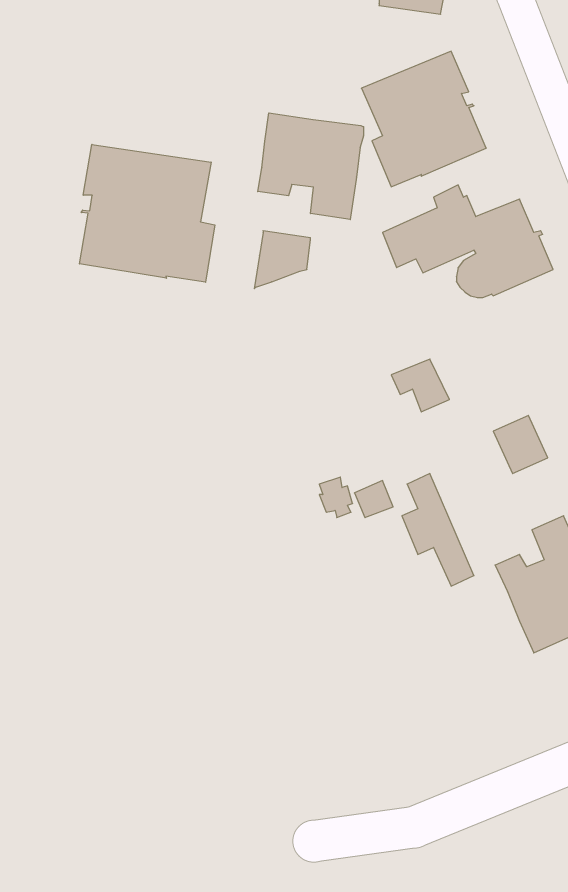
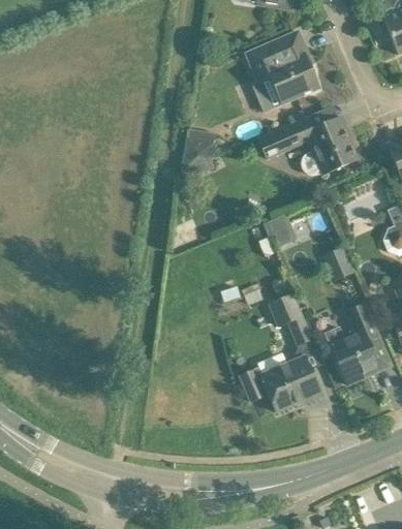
building: [258,113,364,220] -> none
building: [80,144,215,282] -> none
building: none -> [239,355,322,411]

